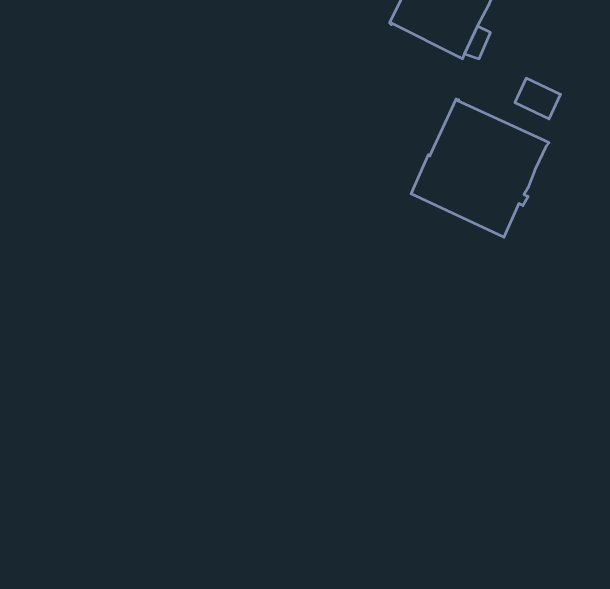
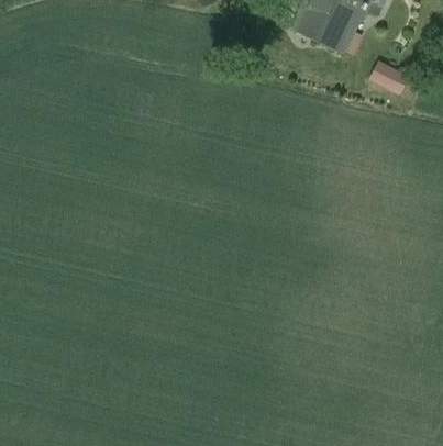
building: [411,99,549,237] -> none

